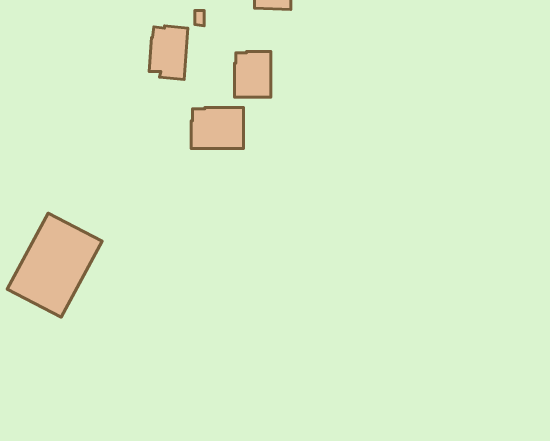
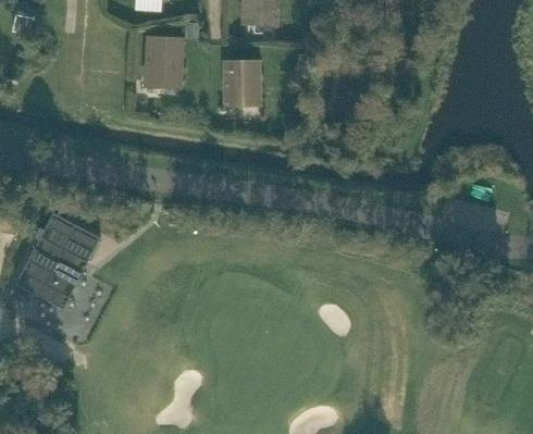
building: [191,108,244,148] -> none

